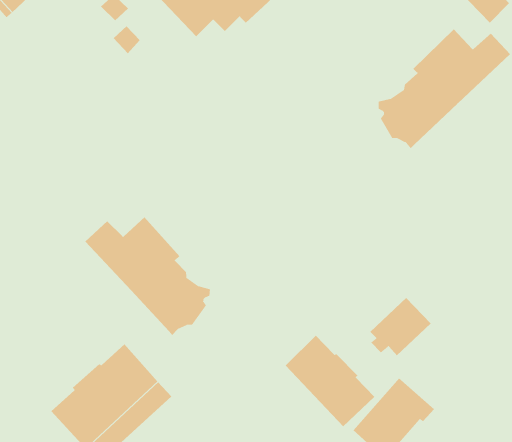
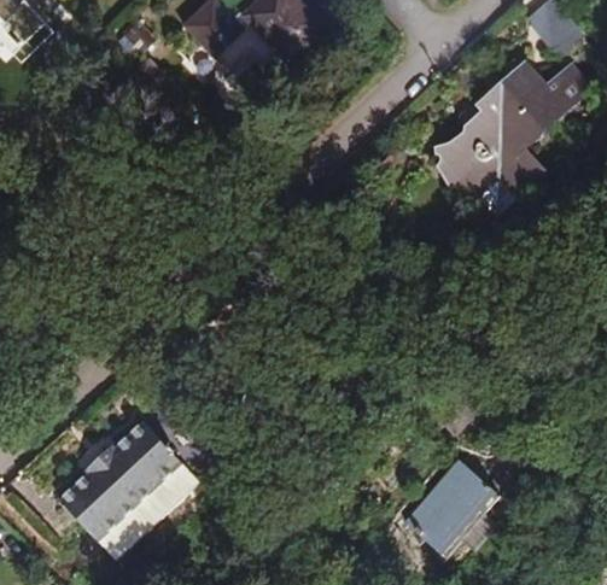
building: none -> [477,147,548,217]
building: [85,216,211,336] -> none
building: [285,335,375,427] -> none

